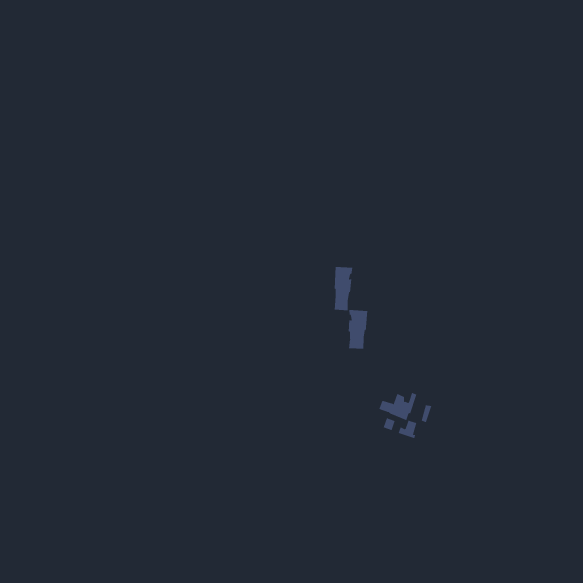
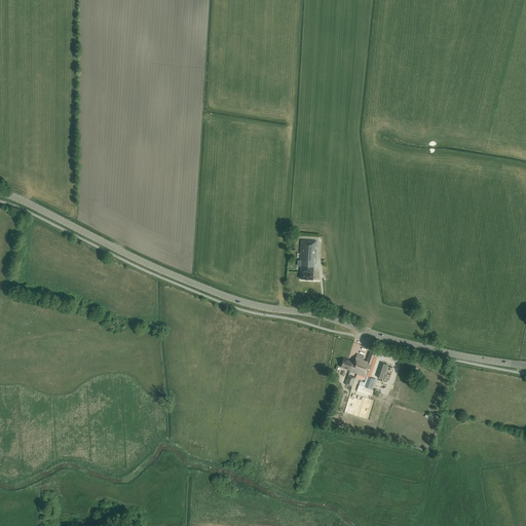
building: [348,309,368,350] -> none

